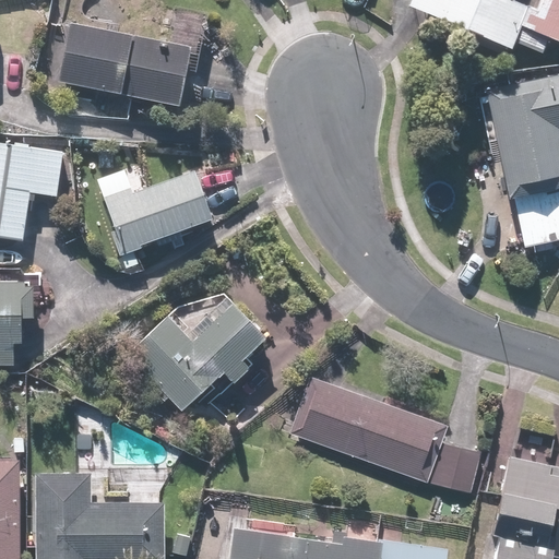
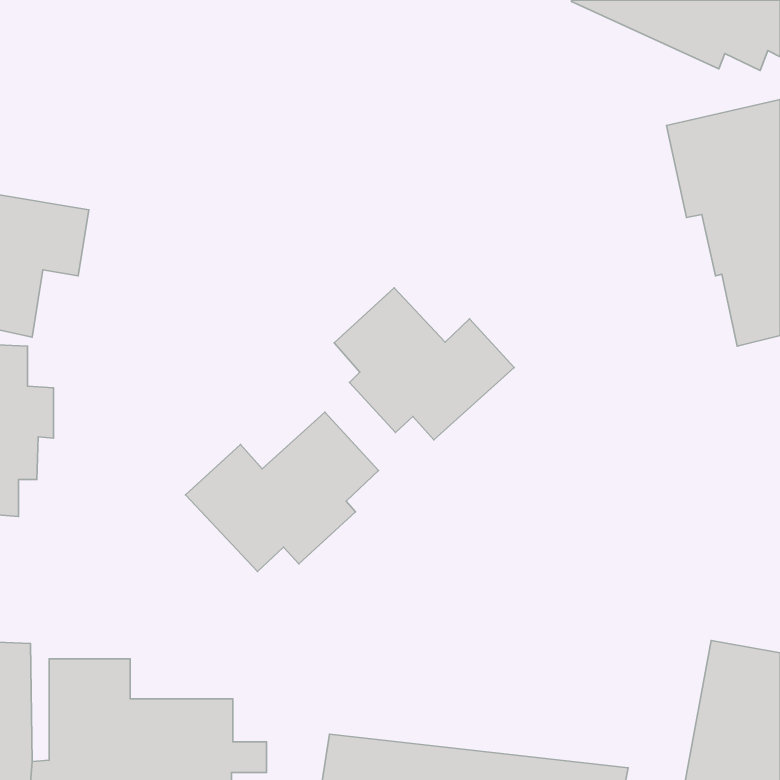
building: [41,7,207,105] -> none
building: [104,168,216,252] -> none
building: none -> [334,288,514,440]
building: [288,373,481,496] -> none

